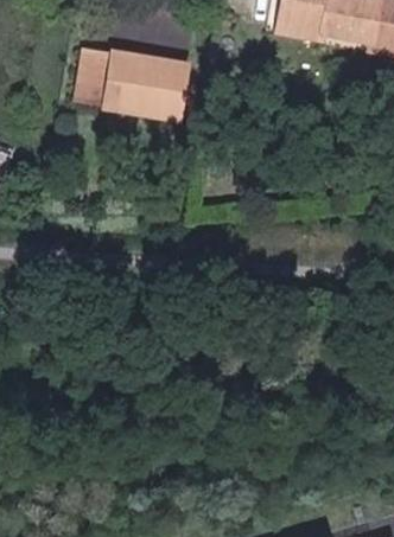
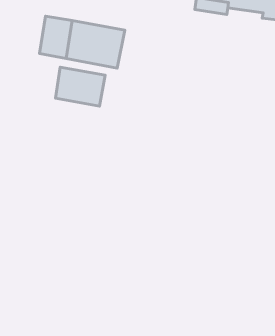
building: none -> [56,67,105,106]

